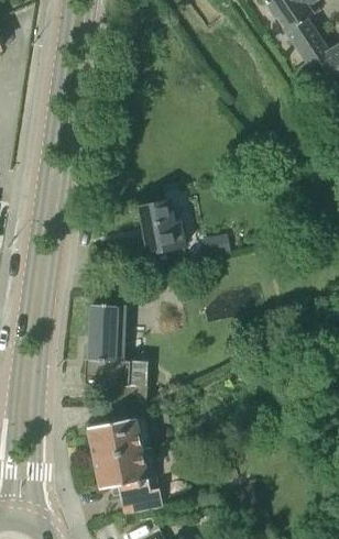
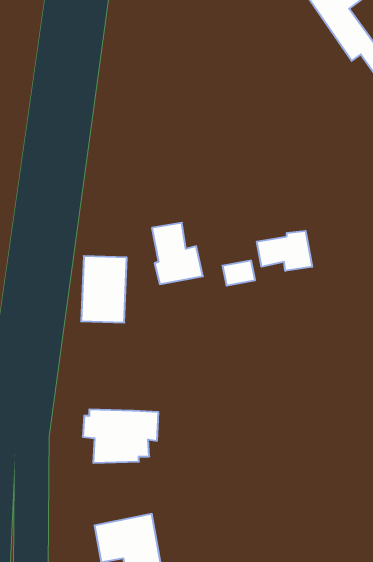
building: none -> [257,231,312,271]
building: [88,304,127,360] -> [81,256,127,323]
building: [86,417,141,457] -> none

